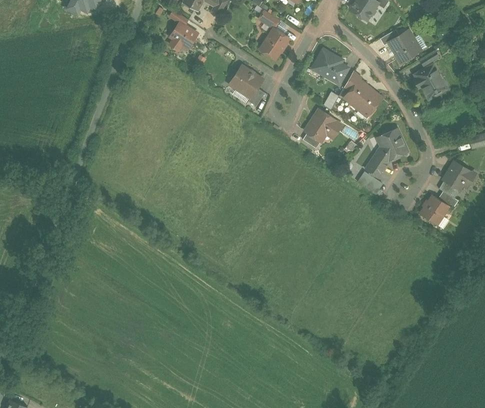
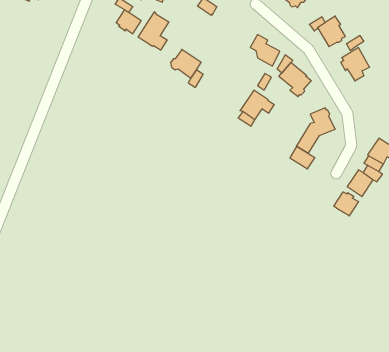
building: none -> [138,12,169,50]
building: [260,27,288,57] -> none
building: none -> [334,192,359,216]

